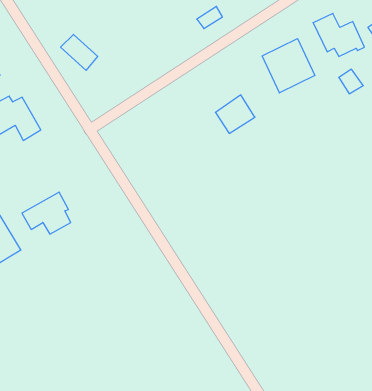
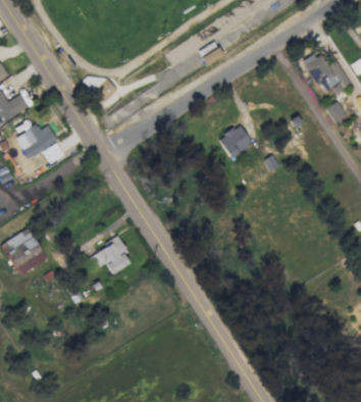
building: [262,39,315,93] -> none
building: [22,192,71,234] -> [87,237,130,273]

